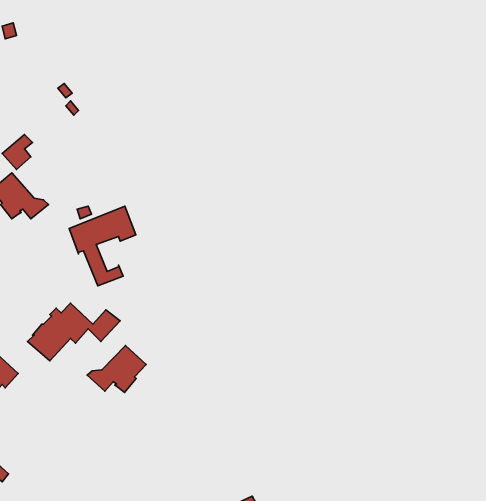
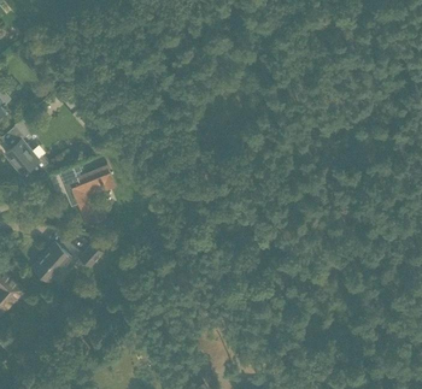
building: [87,345,146,392] -> none

